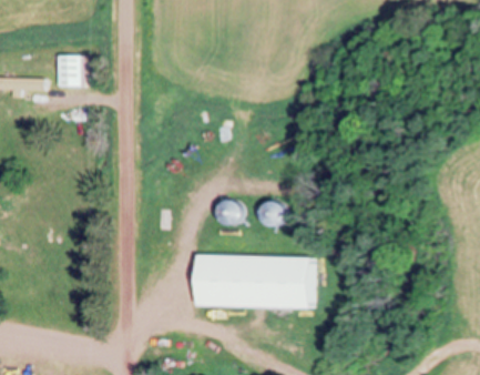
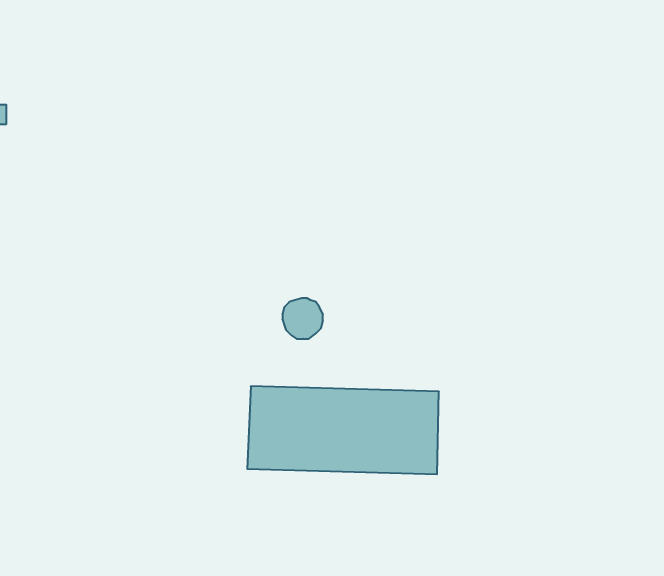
building: [57,54,80,85] -> none
building: [261,200,286,226] -> none

